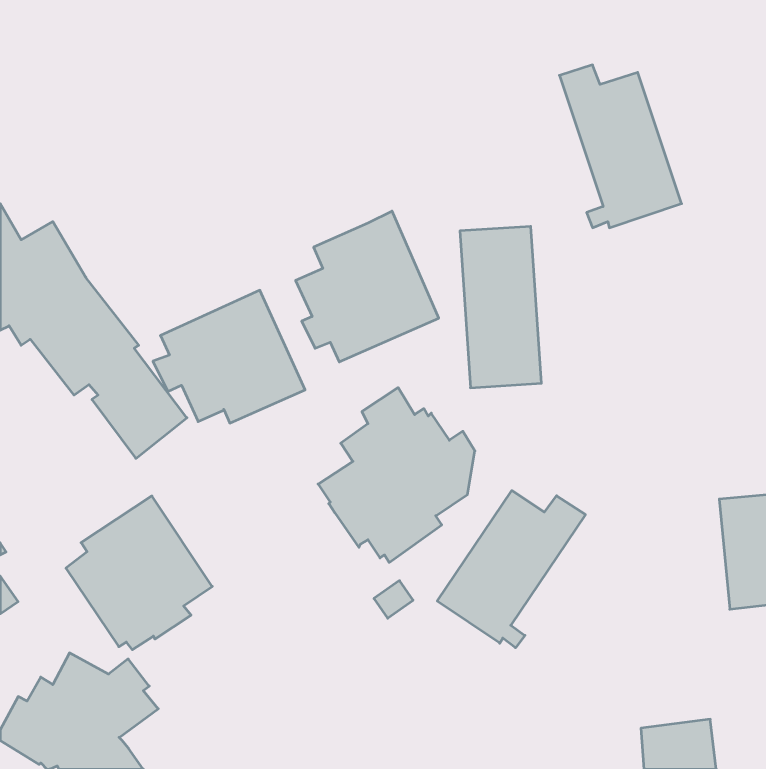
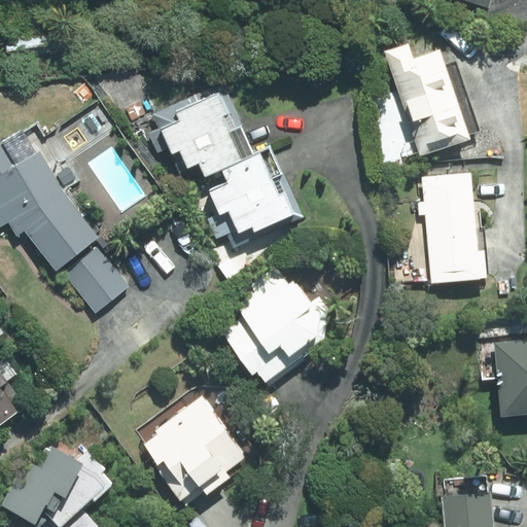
building: [460,226,541,388] -> [422,173,478,283]
building: [153,290,305,423] -> [150,84,254,175]
building: [437,491,585,648] -> none
building: [66,496,212,650] -> [145,394,245,499]

